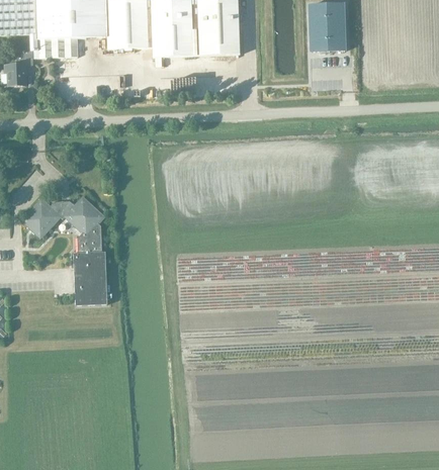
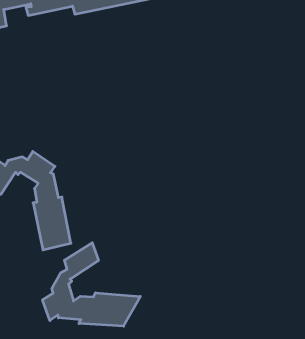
building: none -> [43,243,140,326]

